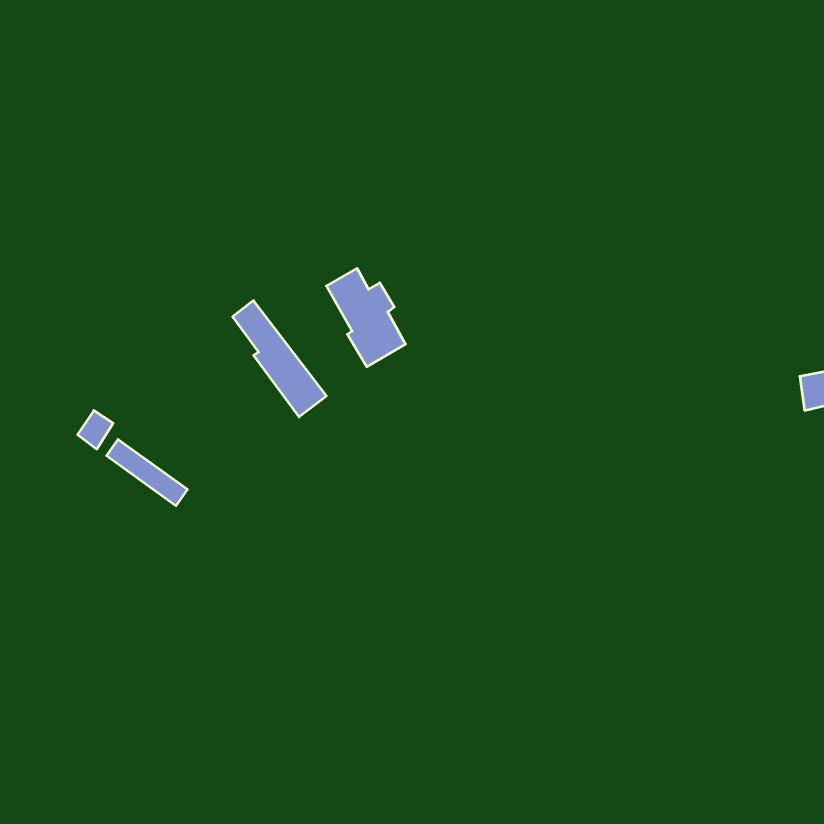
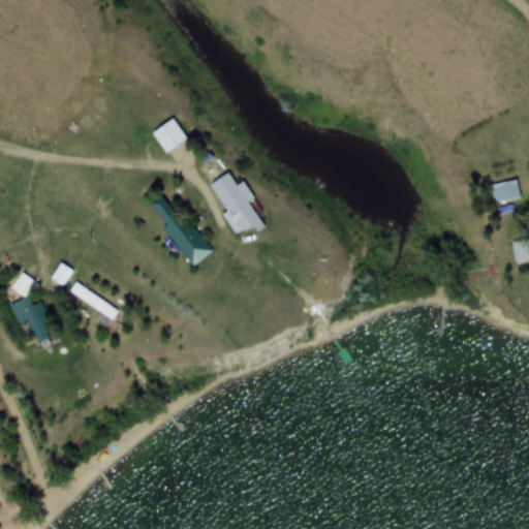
building: none -> [152,119,187,154]
building: none -> [488,179,521,204]
building: none -> [9,274,54,342]

